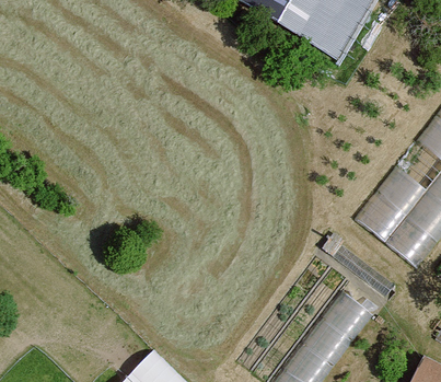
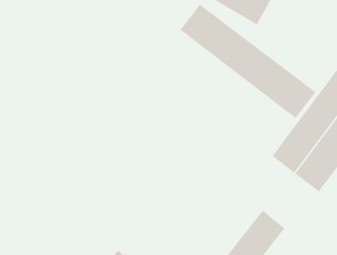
building: none -> [180,4,316,119]

